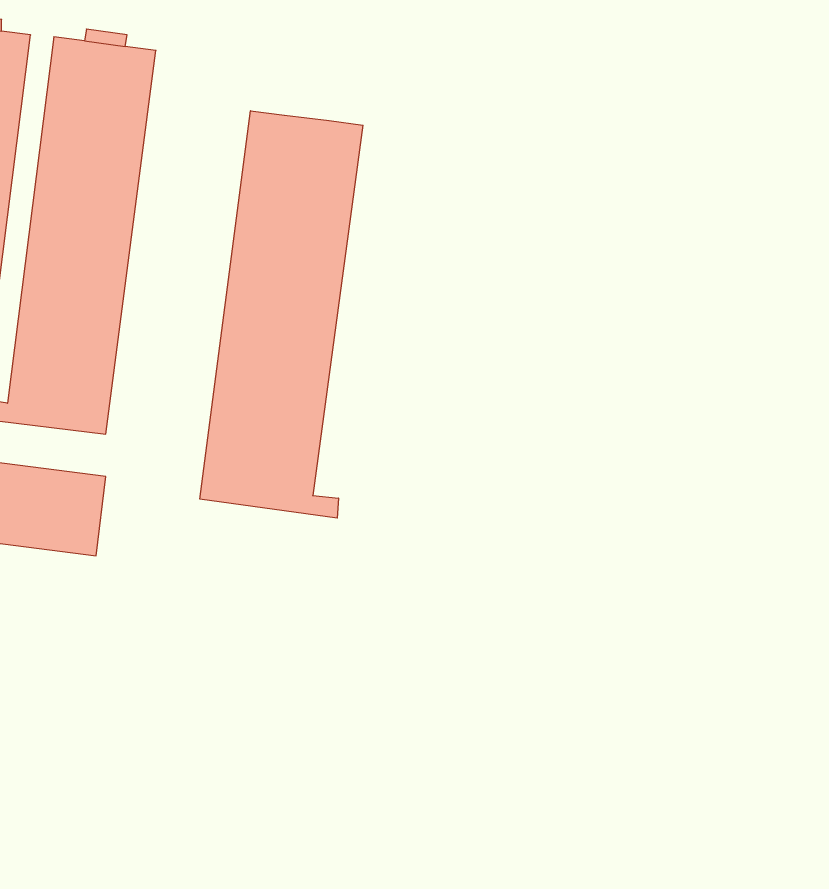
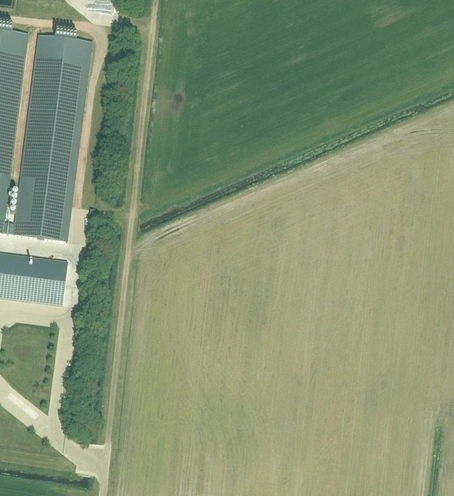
building: [200,111,363,518] -> none

